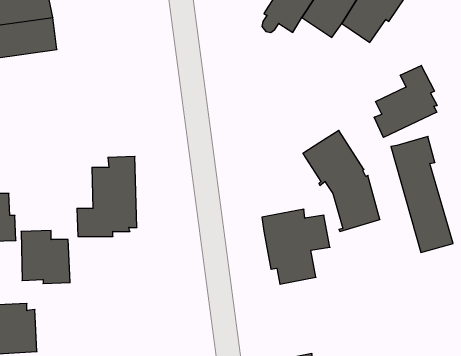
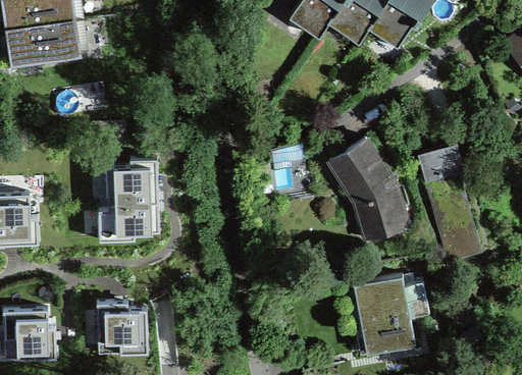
building: [374,65,437,137] -> none
building: [262,209,330,284] -> [359,274,428,351]
building: [21,231,70,284] -> [97,306,147,360]

